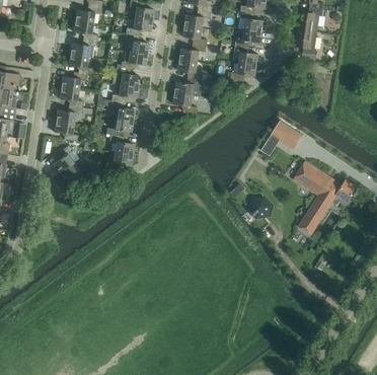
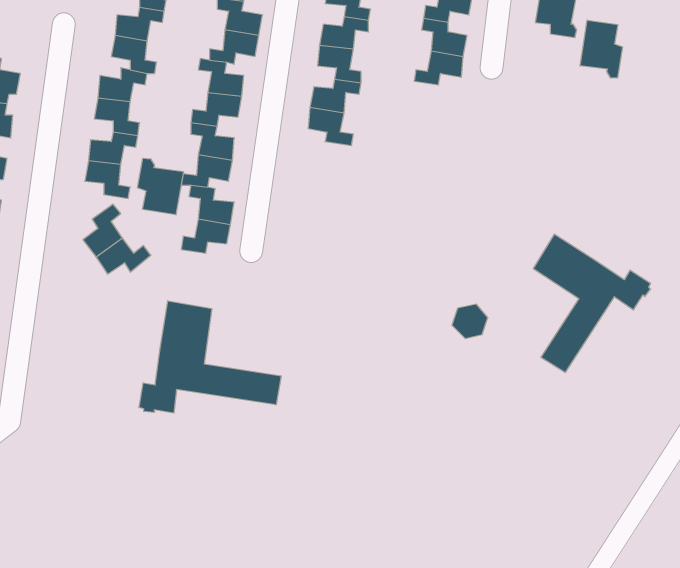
building: none -> [580,20,622,78]
building: none -> [138,158,184,215]
building: [271,120,303,149] -> none
building: none -> [139,301,281,413]

